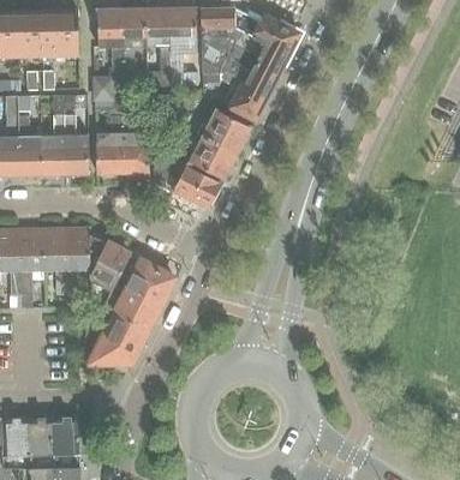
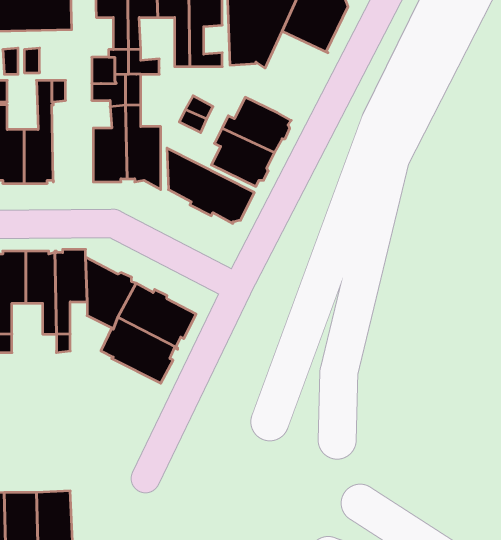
building: [222,58,280,120] -> none
building: [64,115,89,175] -> none
building: [86,311,147,365] -> none

